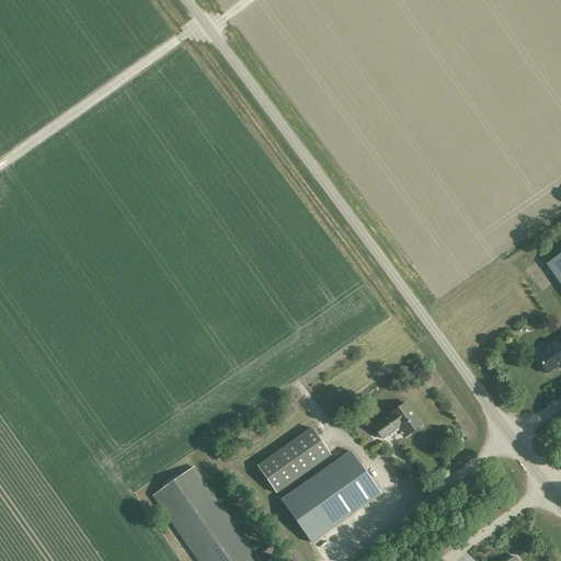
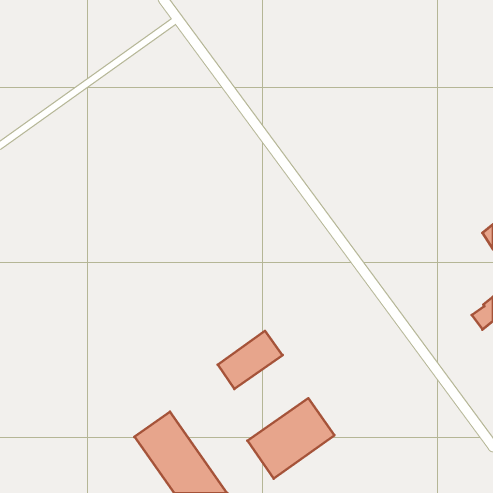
building: [373,402,421,438] -> none
building: [256,427,330,493] -> [218,331,283,389]

